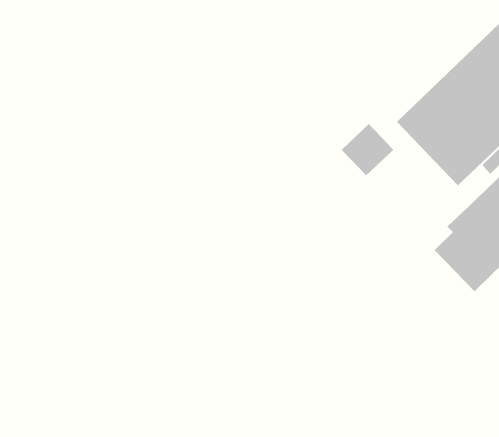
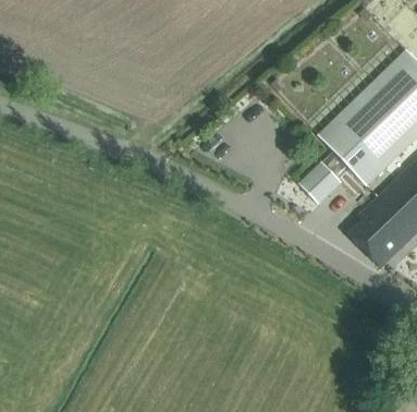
building: [341,123,394,176] -> [301,162,342,204]

